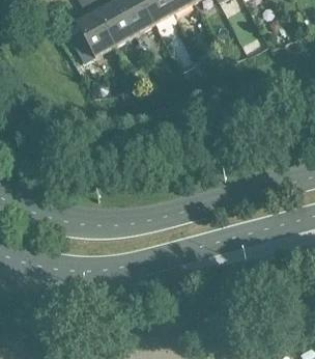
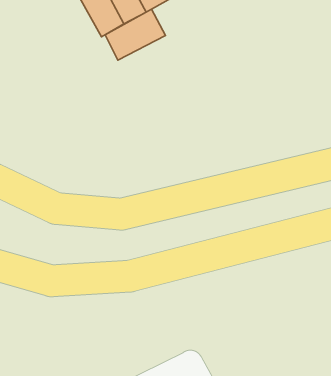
building: none -> [105,9,165,60]

